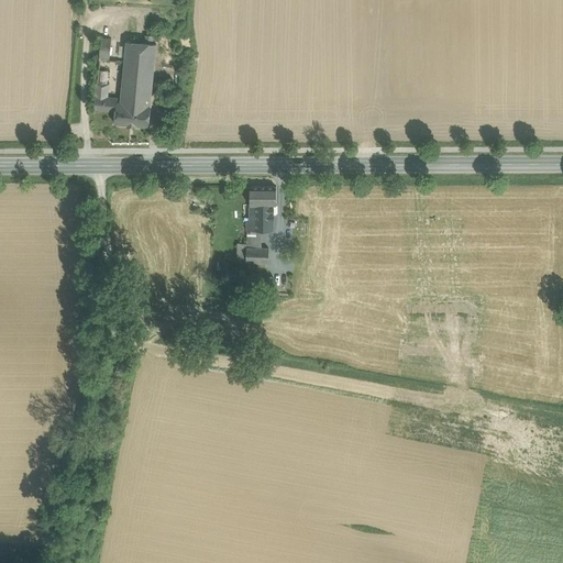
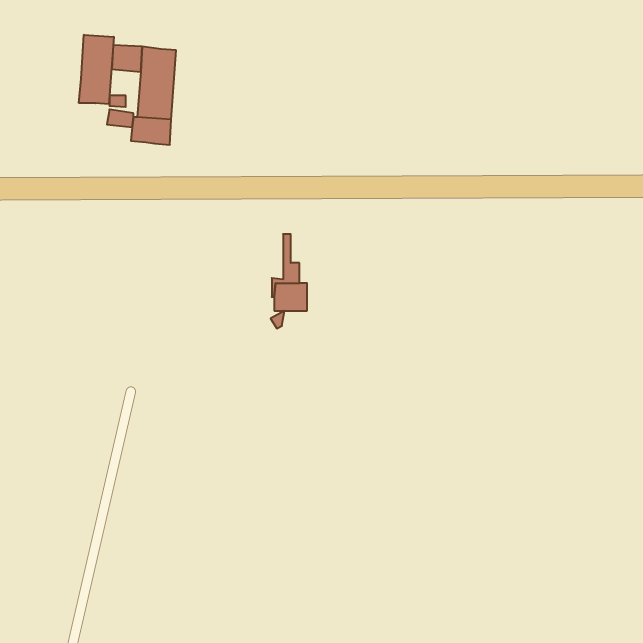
building: none -> [79,35,114,104]
building: [250,186,276,230] -> none

